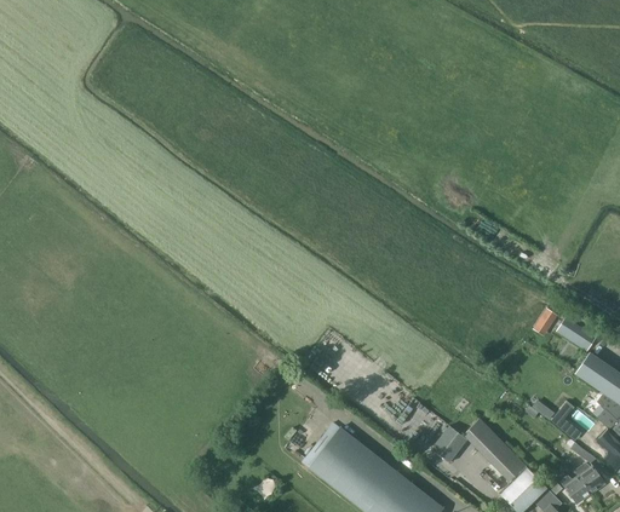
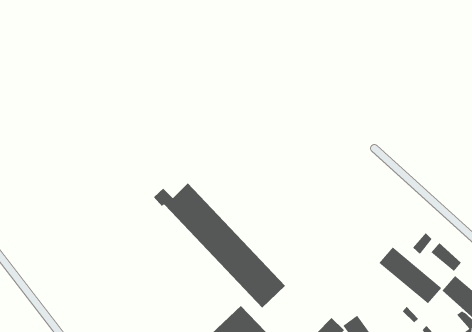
building: none -> [153,183,286,309]
building: none -> [379,247,442,304]

